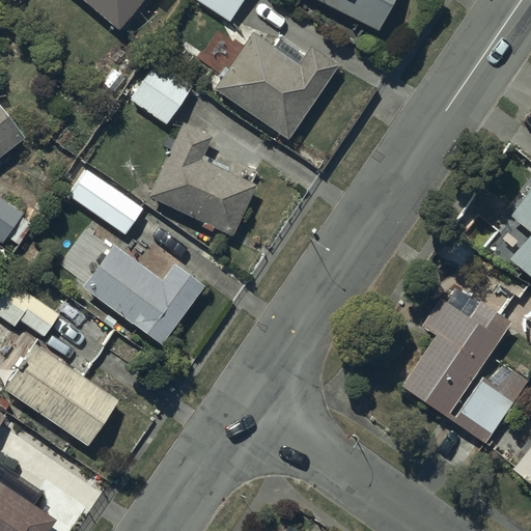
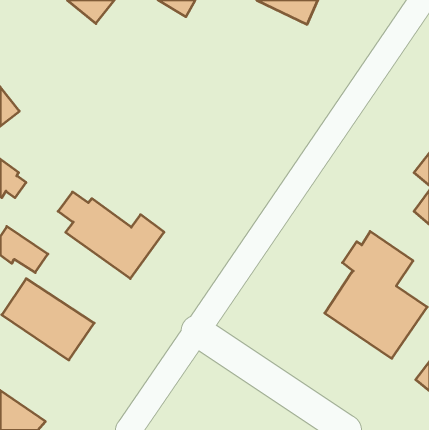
building: [214,32,339,139] -> none
building: [130,59,193,123] -> none
building: [148,122,258,236] -> none
building: [69,170,142,234] -> none

